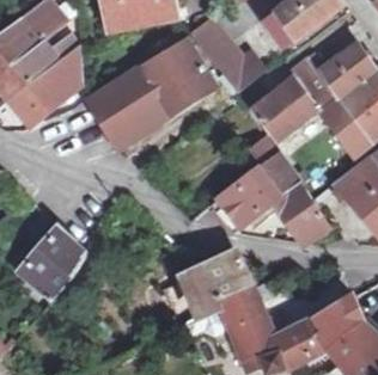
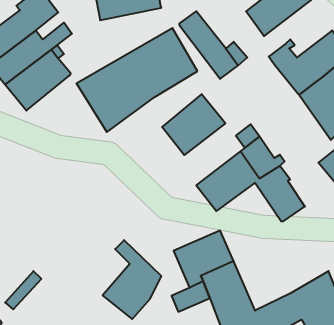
building: [252,76,319,141] -> [162,94,225,155]
building: [22,213,84,296] -> [103,240,161,319]

